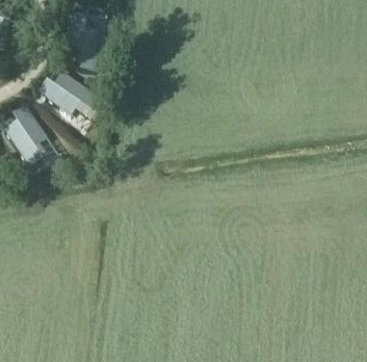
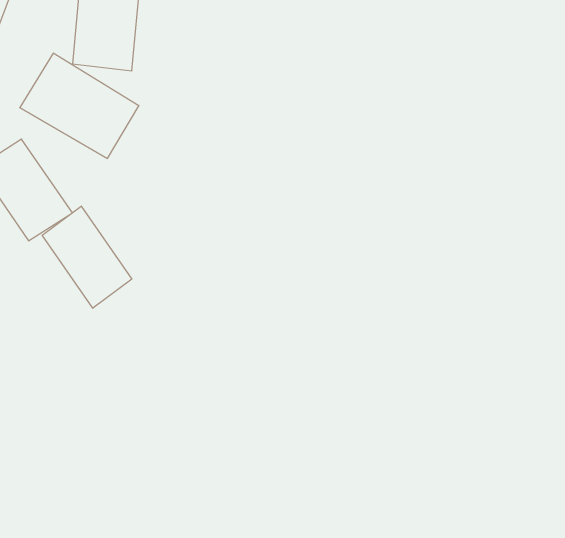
building: none -> [42,206,132,308]

